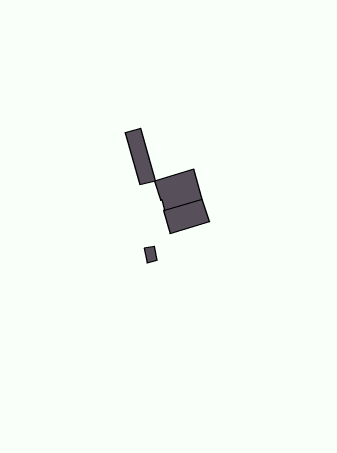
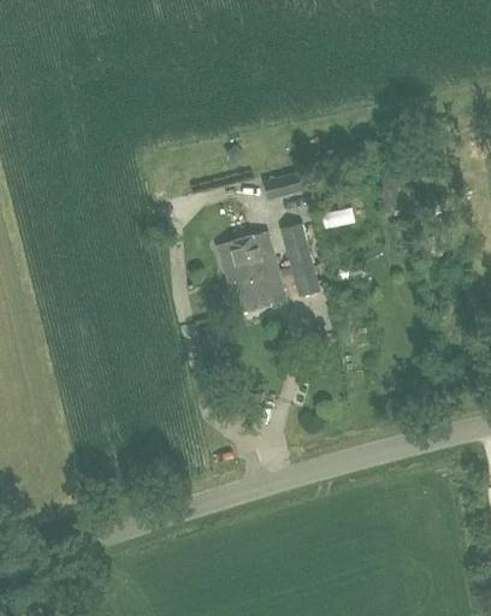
building: none -> [264,170,306,199]
building: [125,128,156,184] -> [279,224,319,297]

